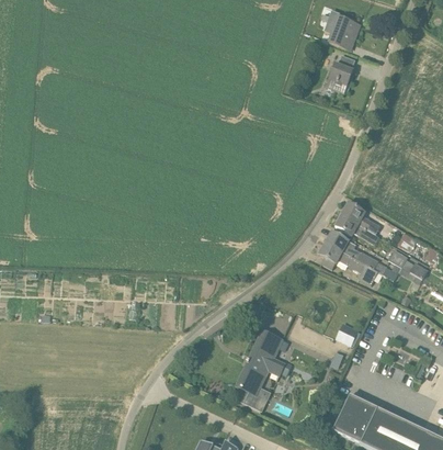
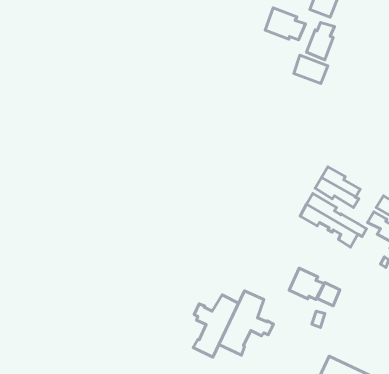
building: none -> [265,8,306,40]
building: none -> [294,55,328,84]
building: none -> [289,268,324,299]
building: none -> [193,295,239,357]

